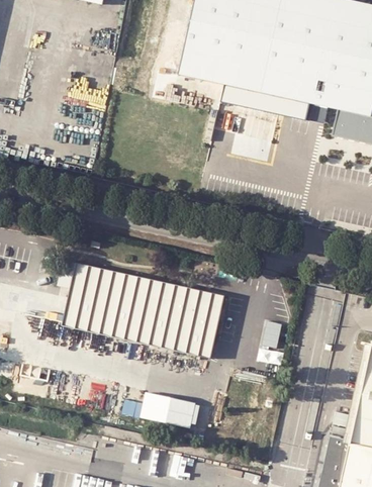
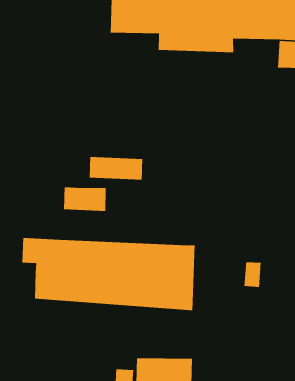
building: none -> [89,156,143,180]
building: none -> [63,187,107,212]

